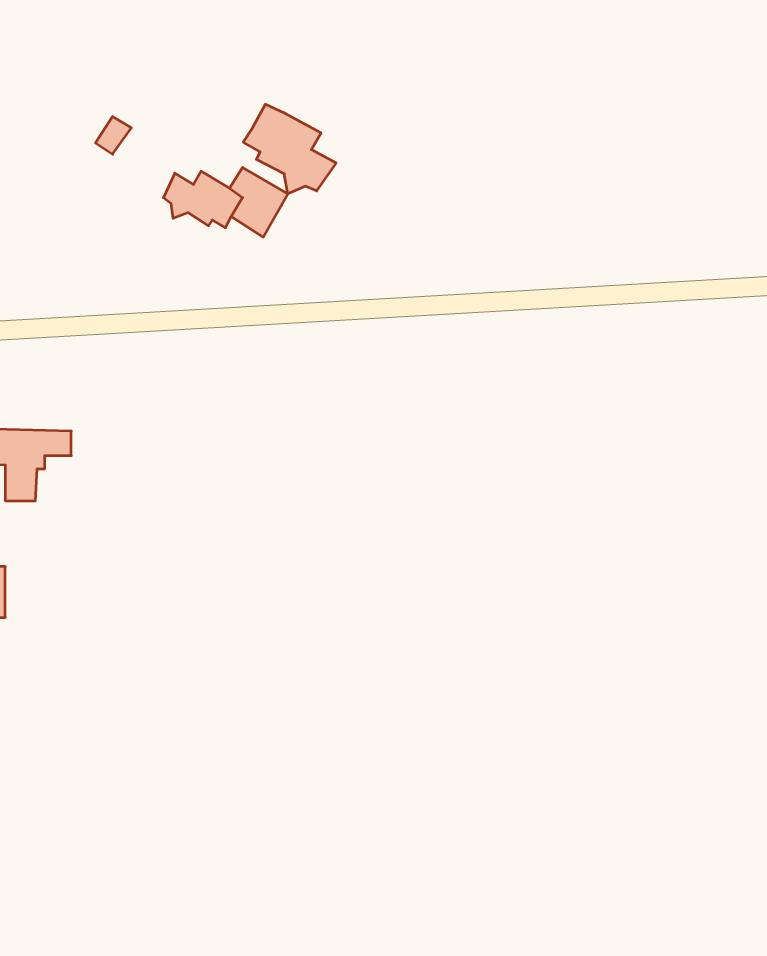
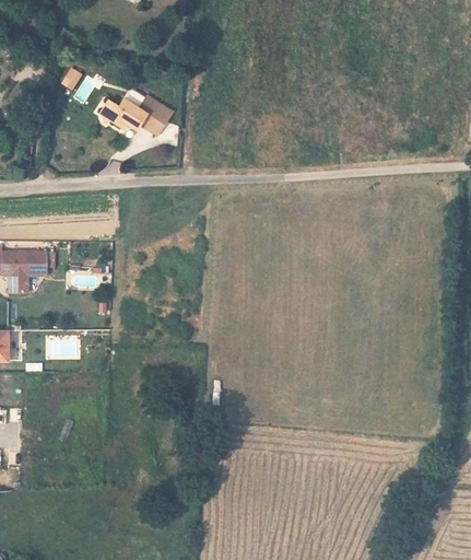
building: [243,104,336,194] -> none

